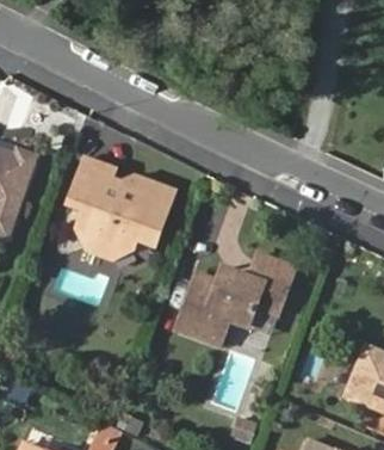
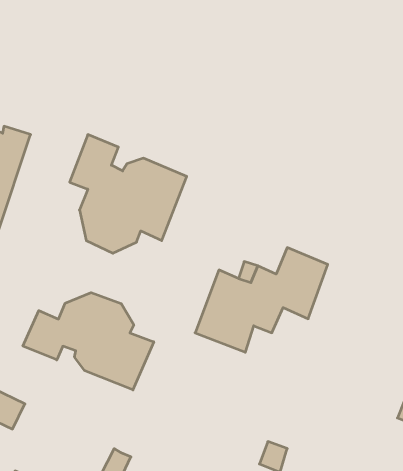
building: none -> [23,293,154,390]

